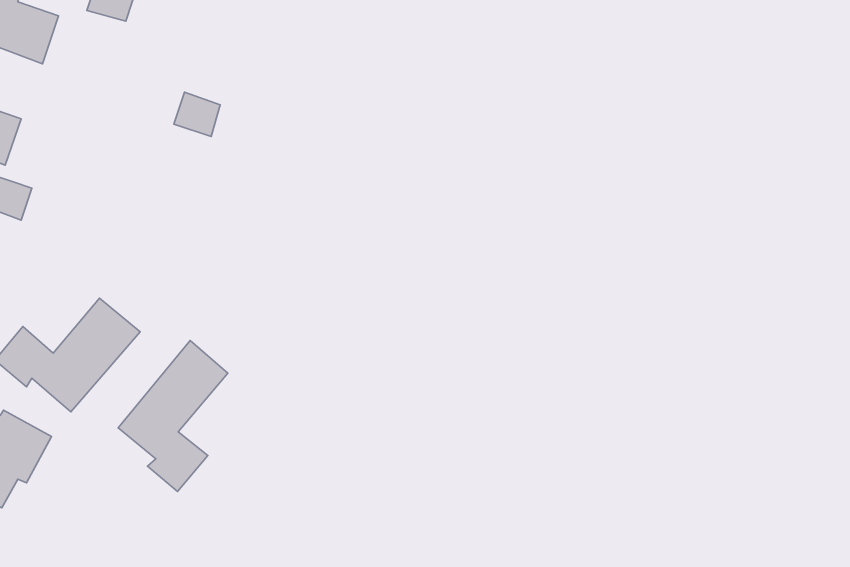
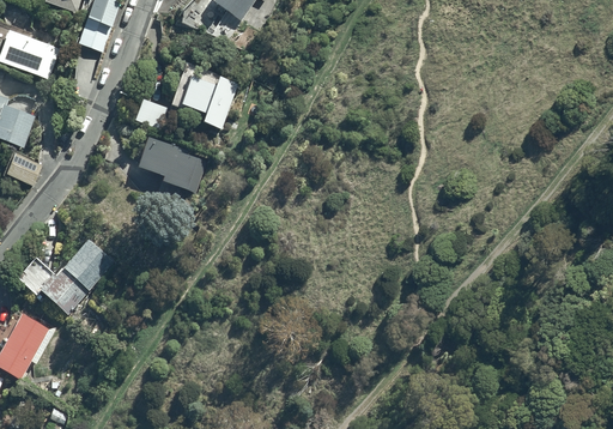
building: none -> [181,77,238,129]
building: none -> [136,135,207,194]
building: [118,341,228,491] -> none

